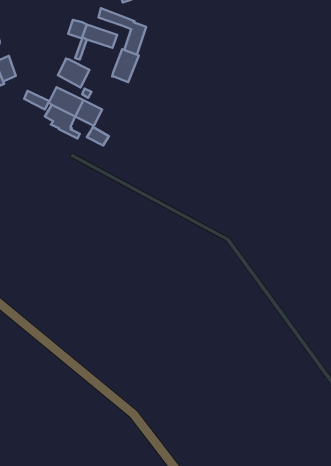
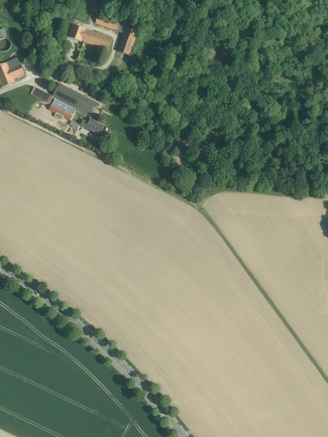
building: [112,49,139,82] -> none
building: [58,58,89,87] -> none

